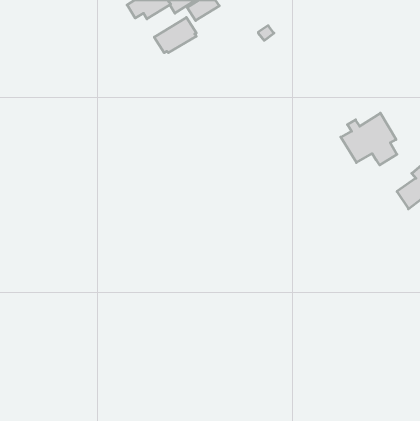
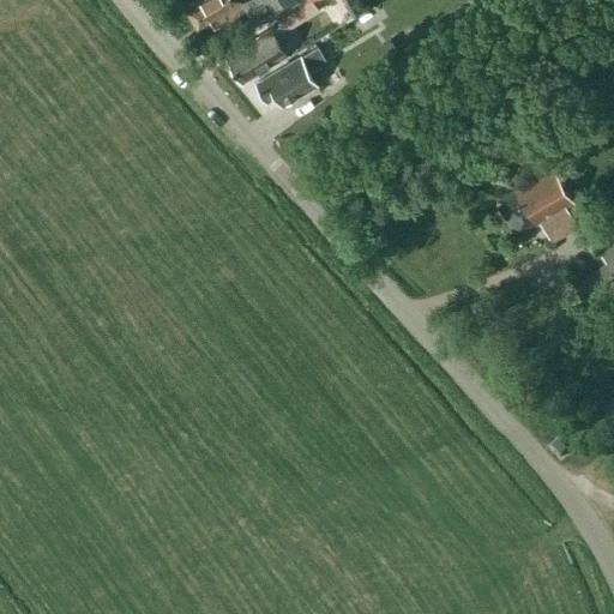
building: none -> [258,46,327,103]

